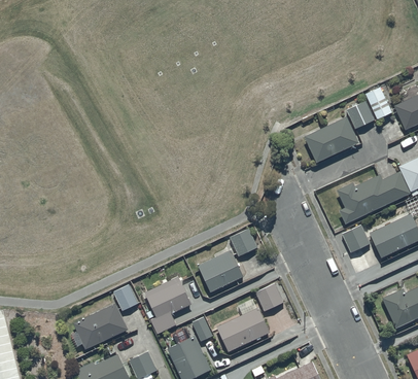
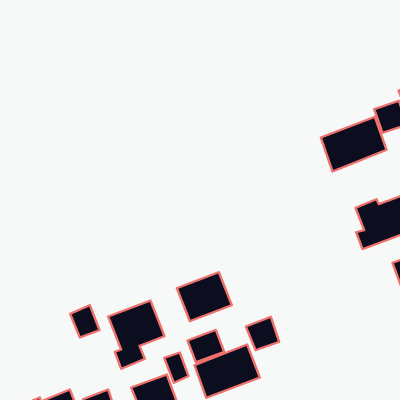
building: [342,226,370,253] -> none
building: [230,228,257,256] -> none
building: none -> [187,330,224,362]
building: [73,303,128,349] -> none

